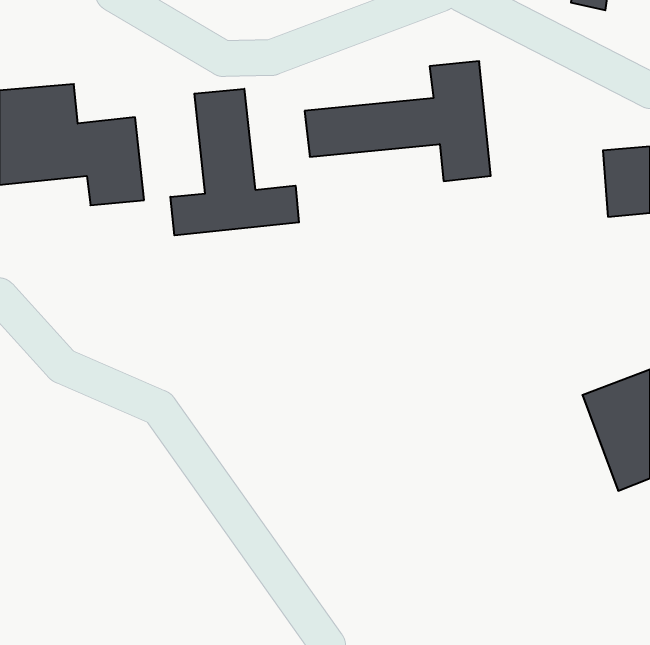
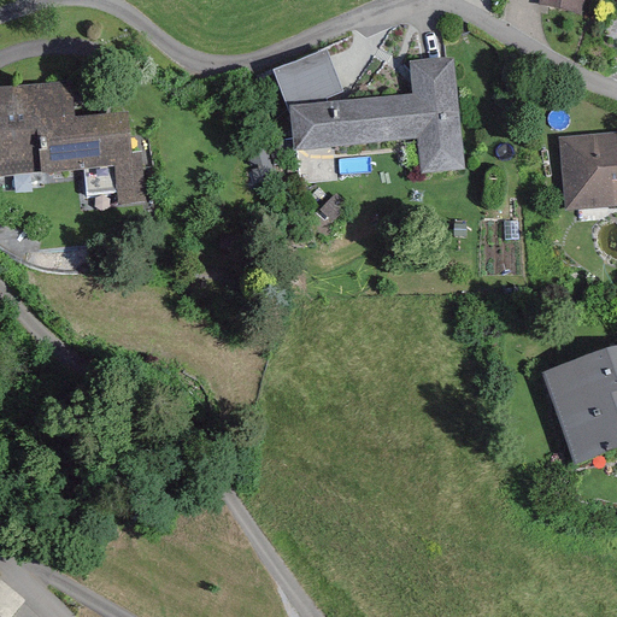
building: none -> [271,47,341,106]
building: [170,89,299,235] -> none

